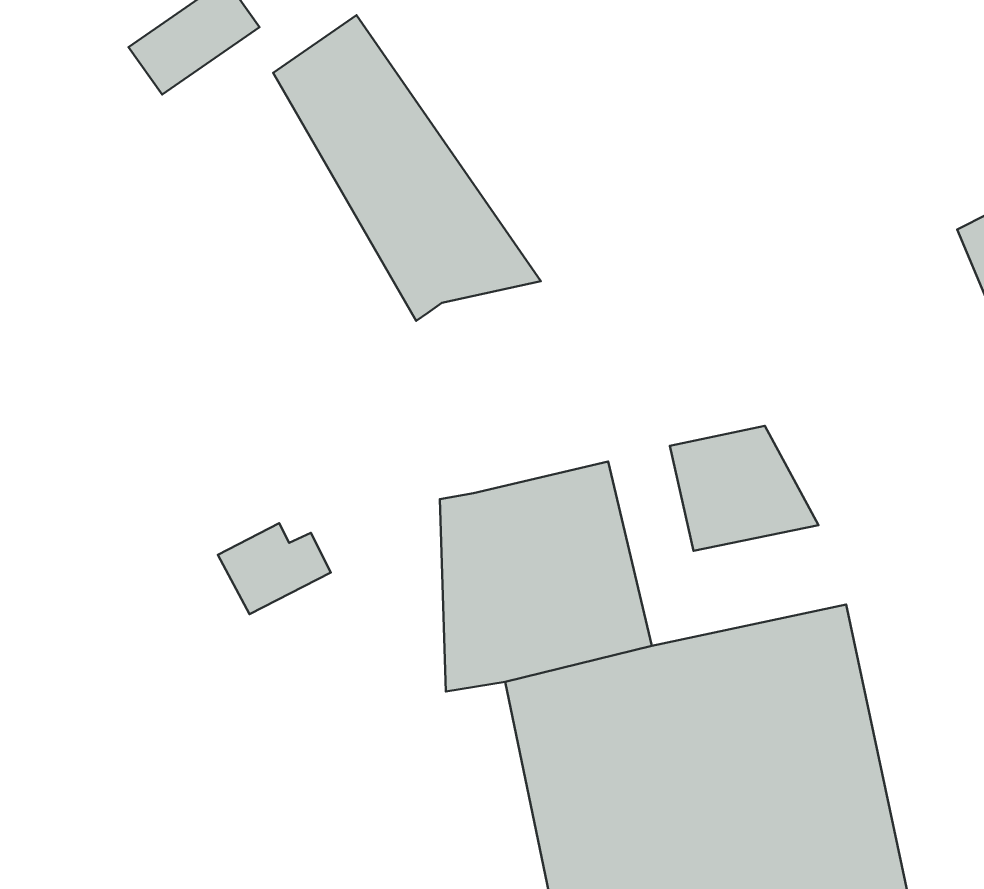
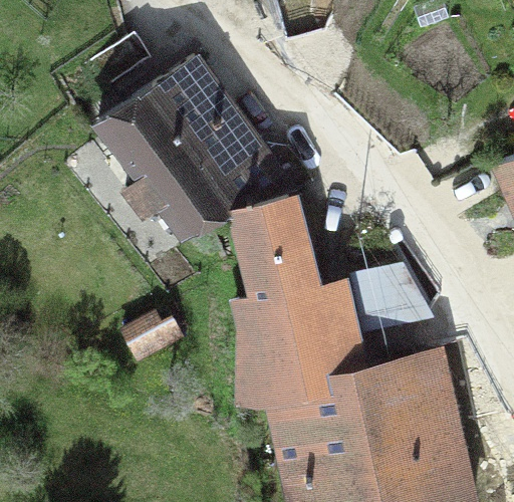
building: none -> [98,84,224,235]
building: none -> [230,190,321,297]

